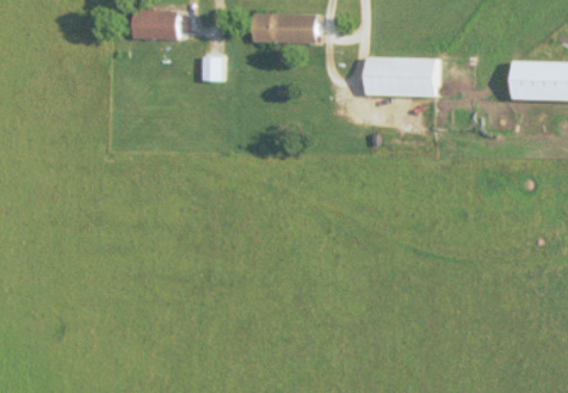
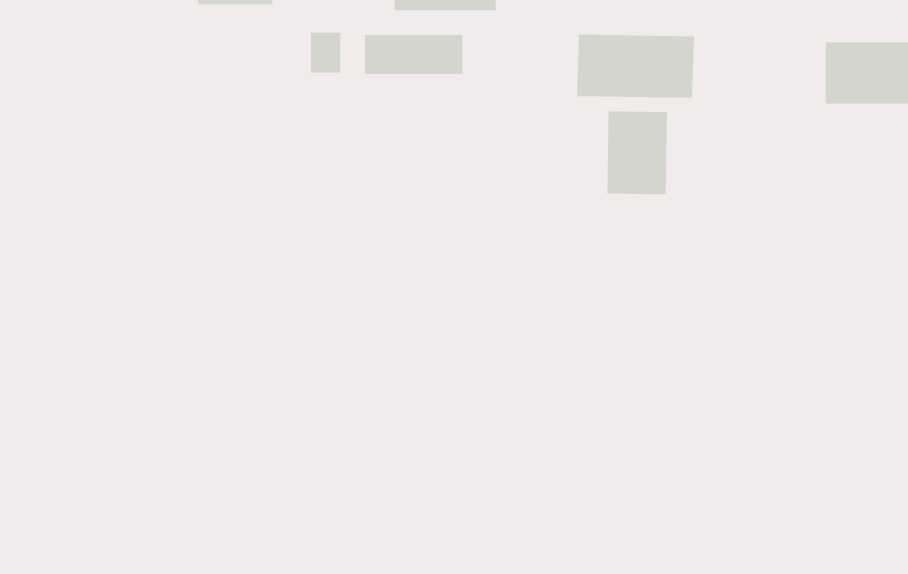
building: none -> [364,34,463,75]
building: none -> [607,110,668,195]

